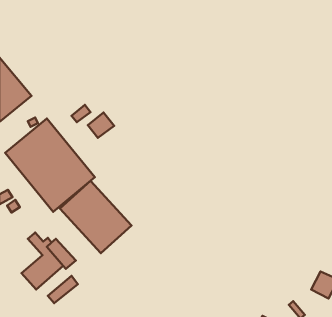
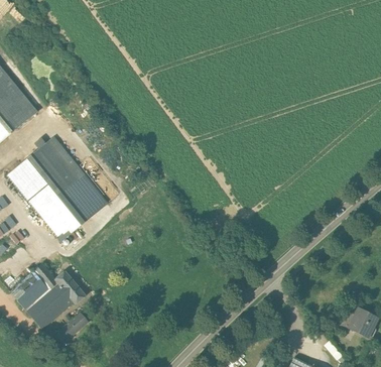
building: [88,113,114,138] -> none
building: [60,181,131,253] -> none
building: none -> [10,271,49,310]

